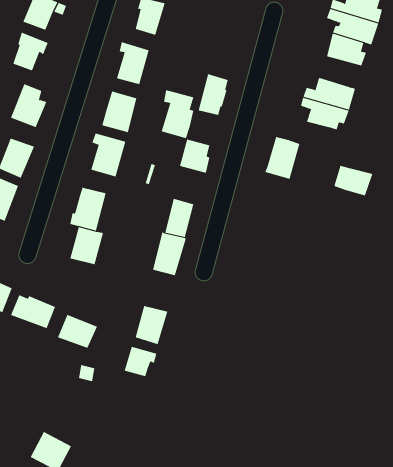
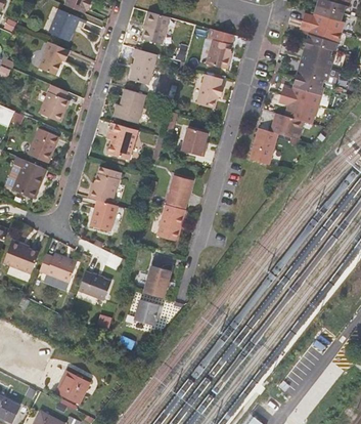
building: none -> [295,59,330,85]
building: [161,90,194,139] -> [204,29,231,70]
building: [334,165,373,196] -> [271,112,304,137]

